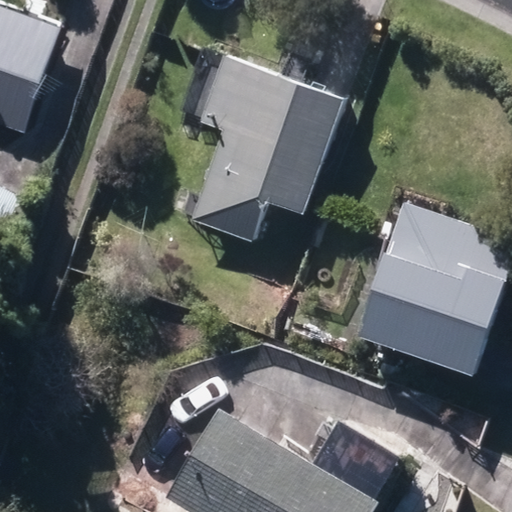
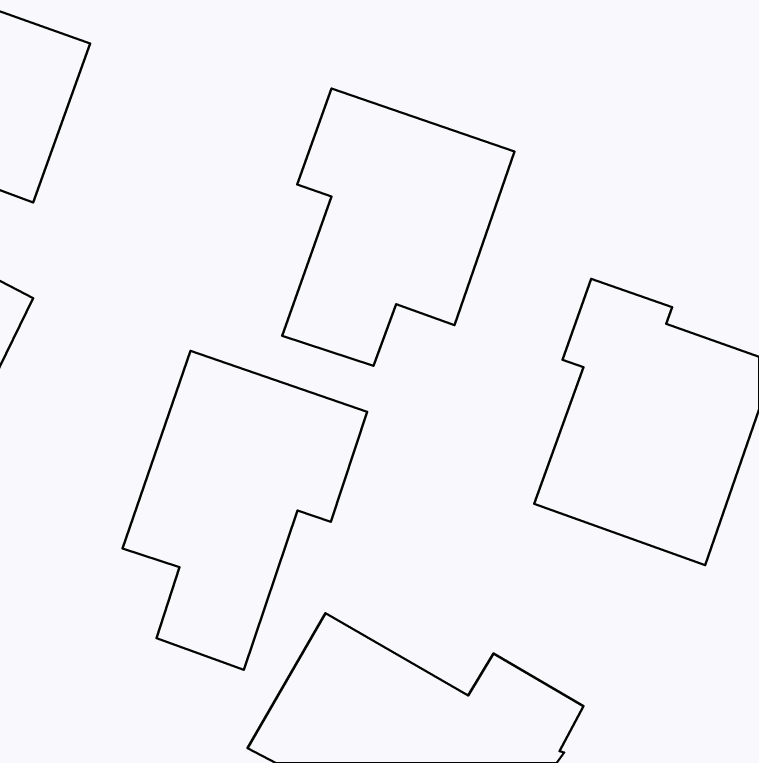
building: none -> [122,351,367,670]

